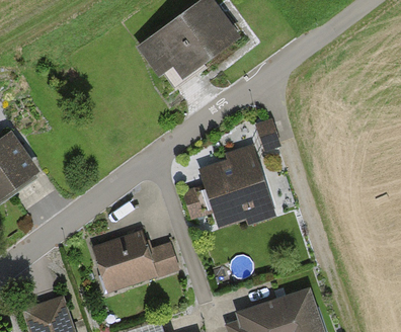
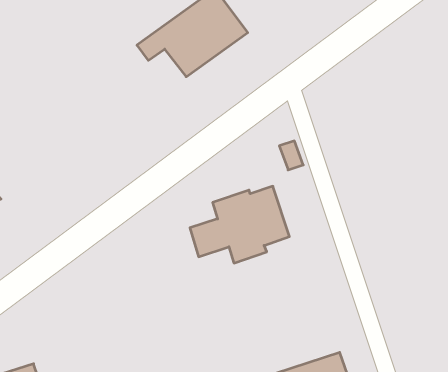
building: [92,233,179,293] -> none

